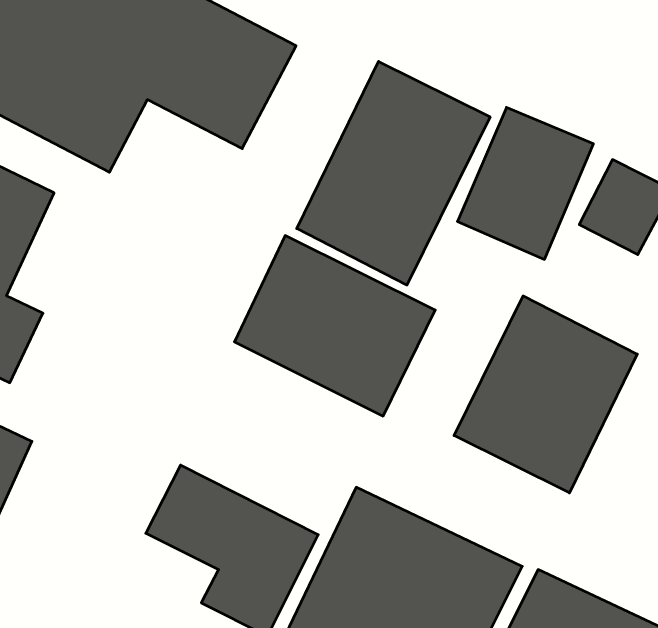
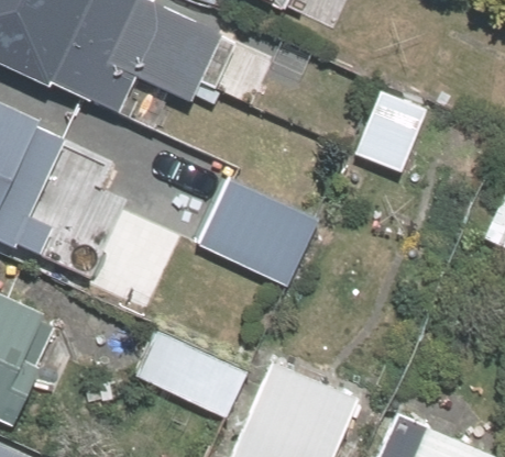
building: [297,61,490,285] -> none
building: [454,296,637,493] -> none

